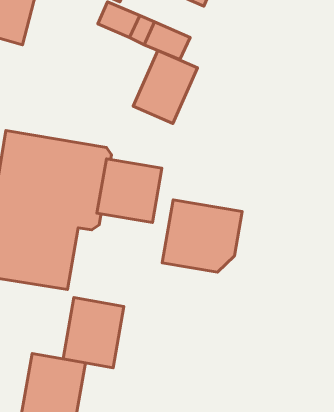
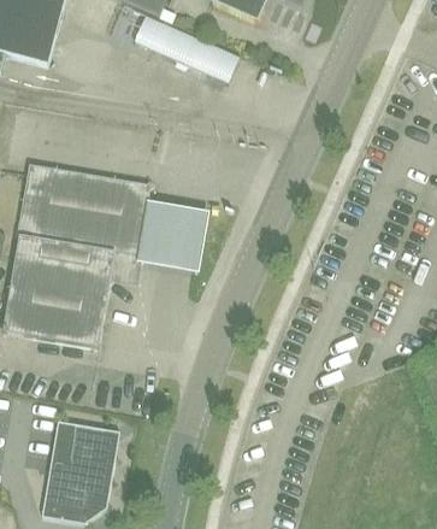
building: [133,50,197,124] -> none
building: [162,200,242,272] -> none
building: [63,298,124,368] -> none

